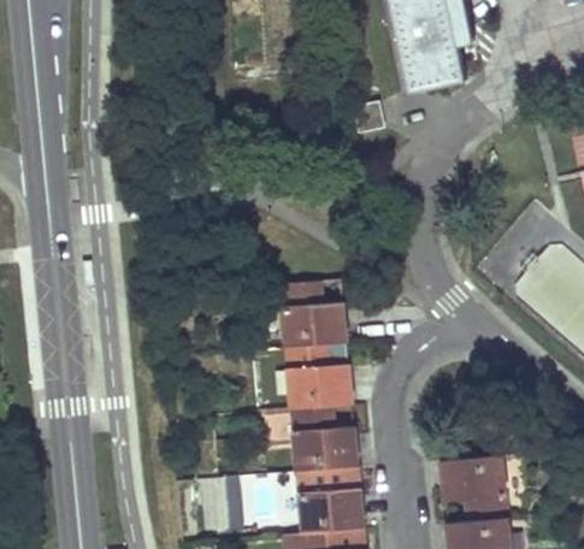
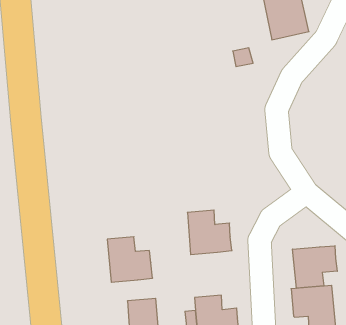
building: [282,282,348,348] -> none
building: none -> [293,246,337,288]
building: [293,407,360,474] -> [107,237,153,282]

